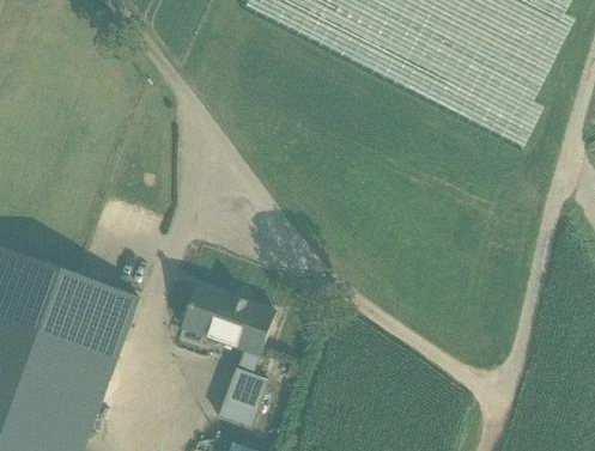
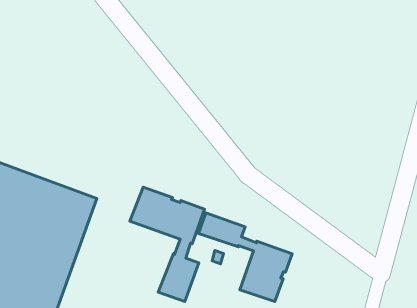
building: none -> [198,213,292,301]

